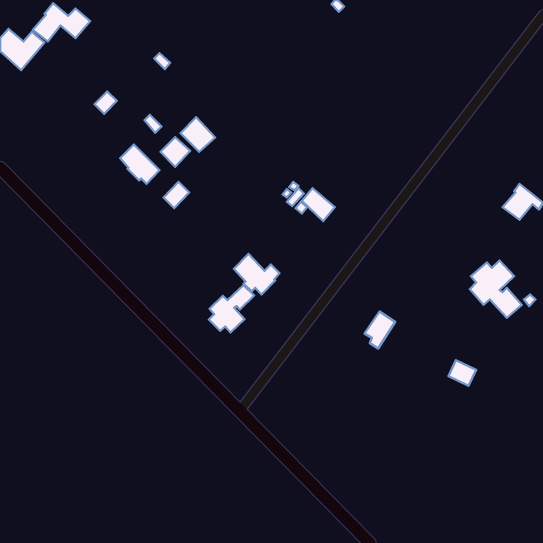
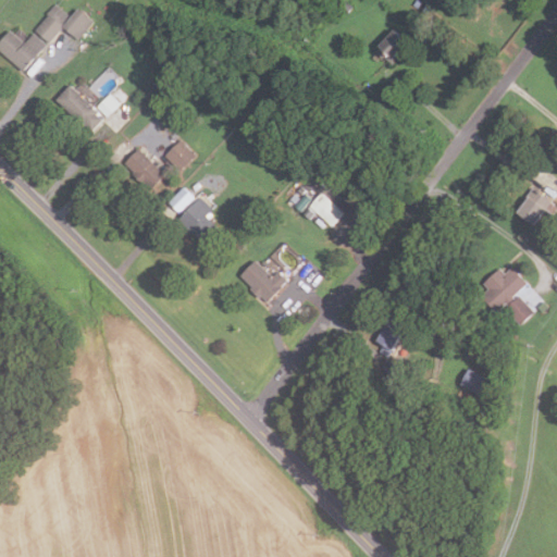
building: none -> [377,30,411,65]
building: none -> [54,85,103,131]
building: [180,117,215,152] -> none
building: none -> [177,197,220,245]
building: [209,285,254,332] -> none

